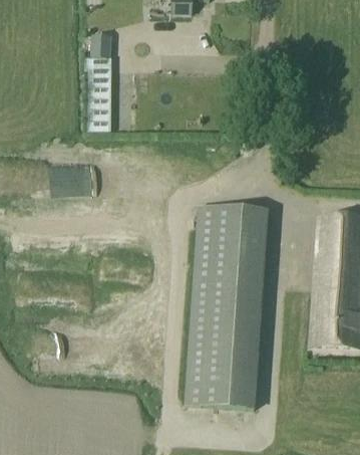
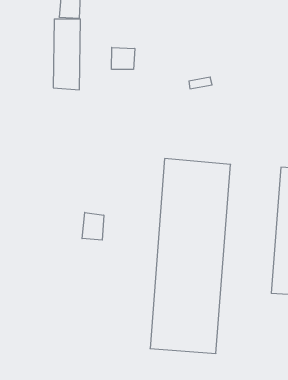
building: none -> [112,47,135,69]
building: none -> [82,212,104,240]

